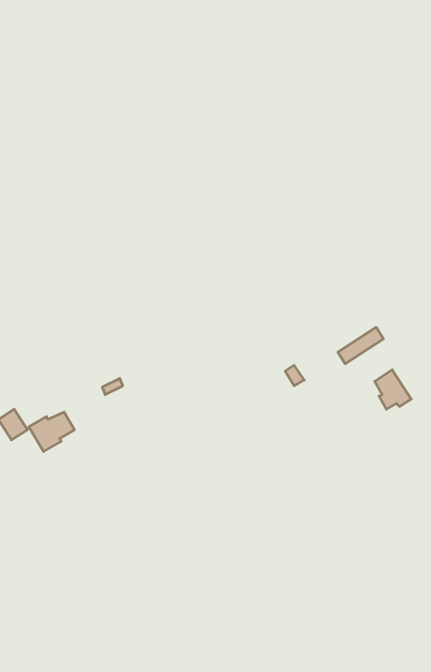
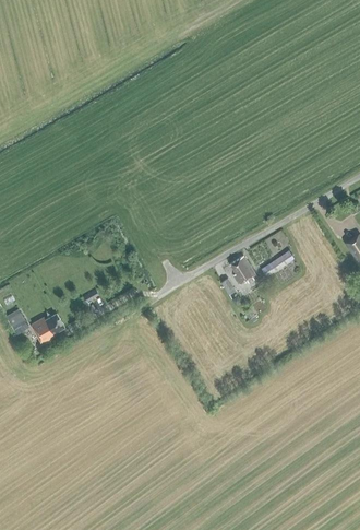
building: [375,370,411,409] -> [230,256,257,285]

